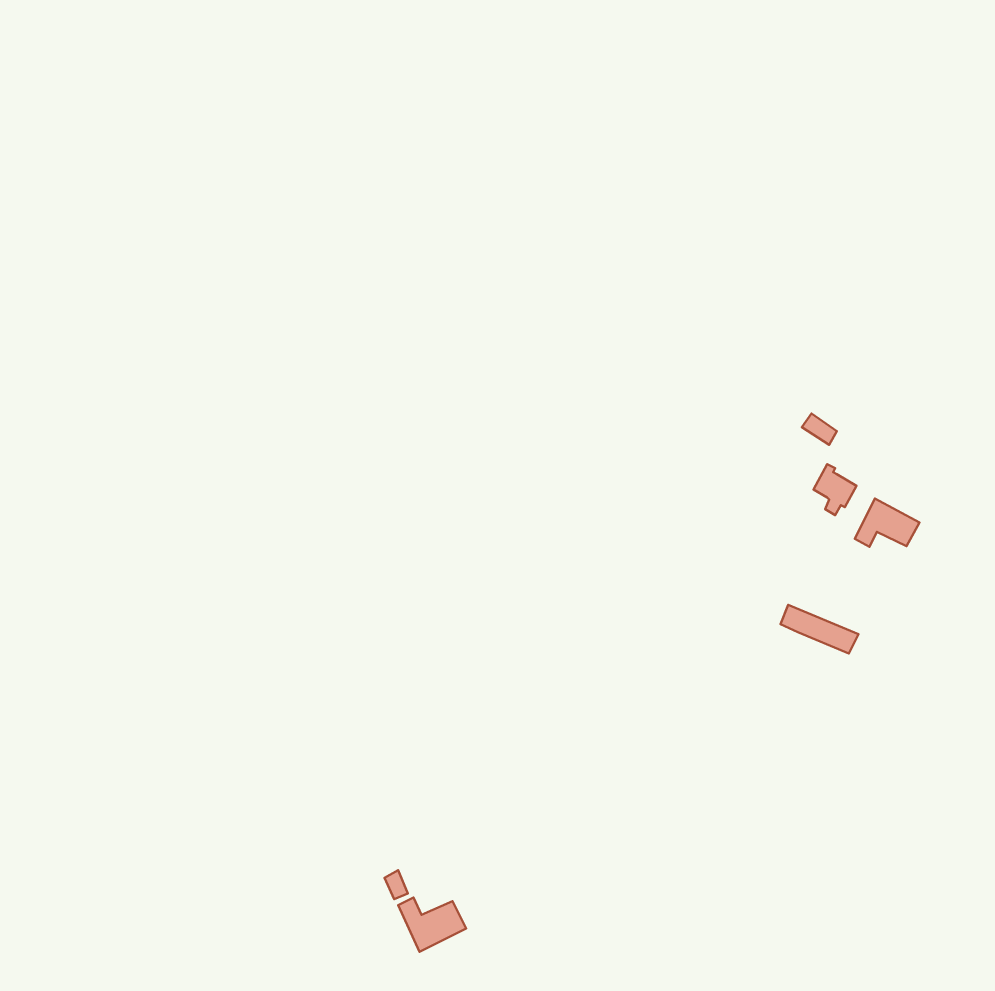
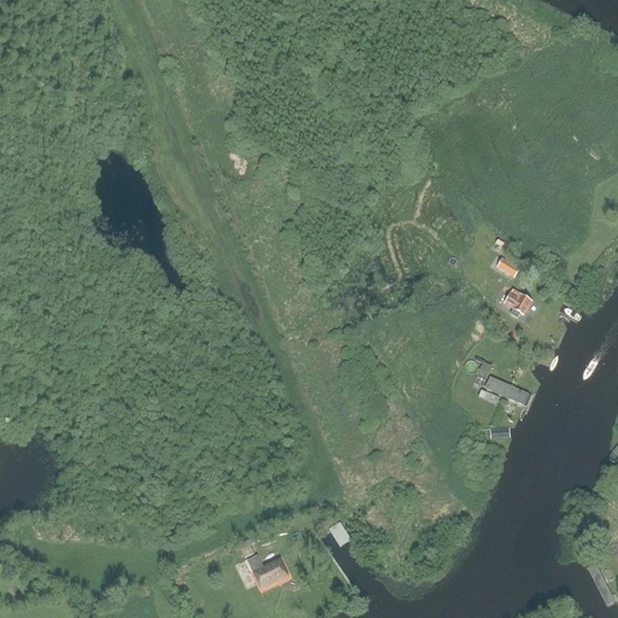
building: [855,498,919,547] -> none

